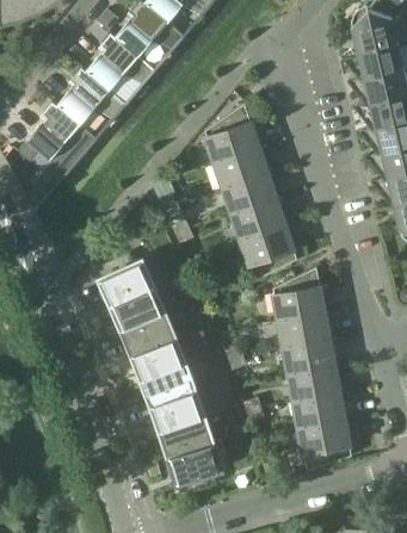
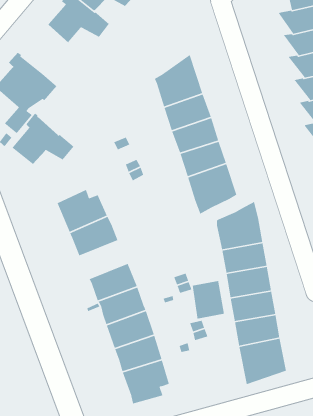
building: [56,66,127,124] -> [11,112,75,165]
building: [121,310,175,353] -> none
building: none -> [192,280,225,319]

